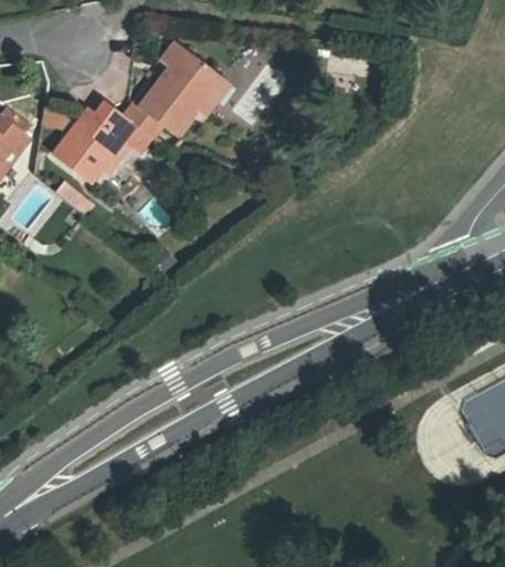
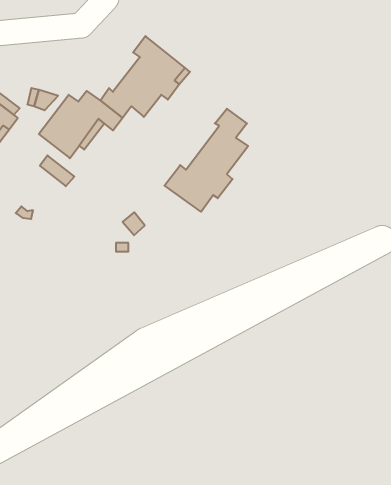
building: none -> [164,109,248,212]

